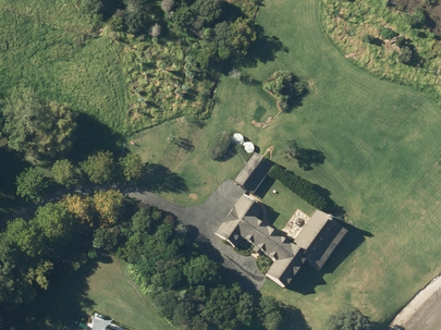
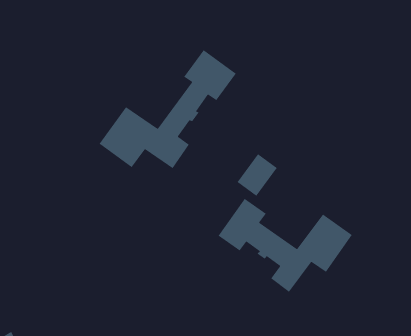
building: none -> [98,49,237,169]

